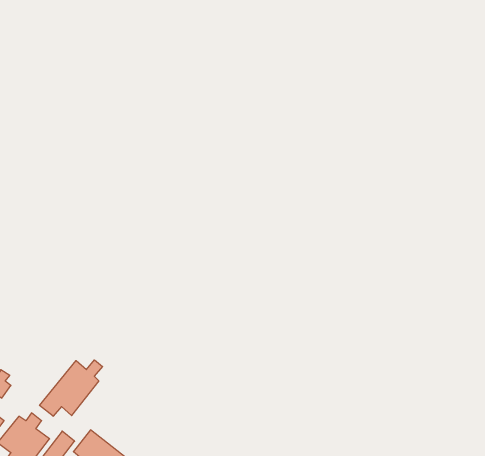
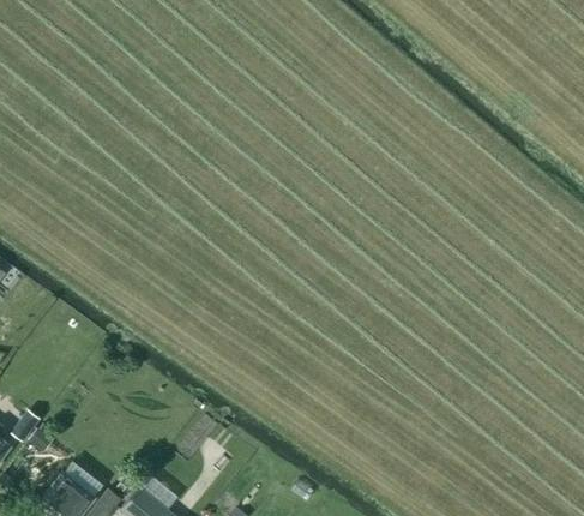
building: [40,360,103,416] -> none

